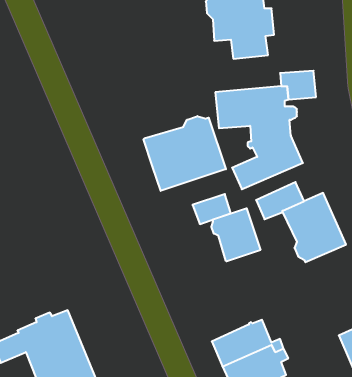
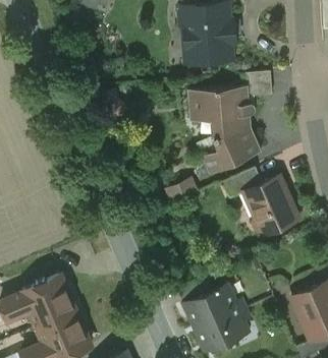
building: [144,116,226,191] -> none
building: [211,208,260,261] -> none

